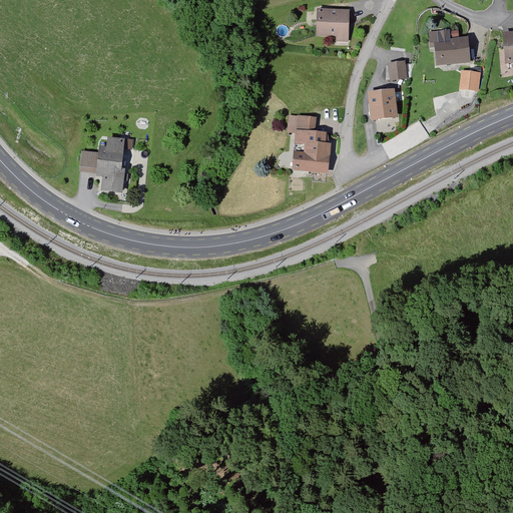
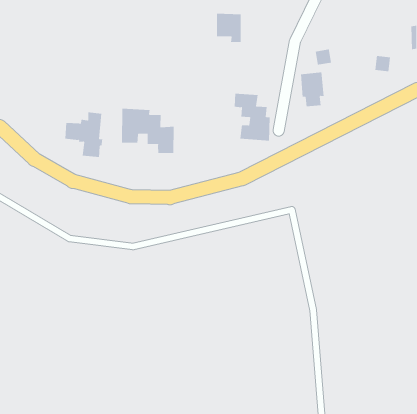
building: [317,6,348,42] -> [216,13,242,43]
building: [427,28,471,63] -> none
building: none -> [122,108,174,154]

